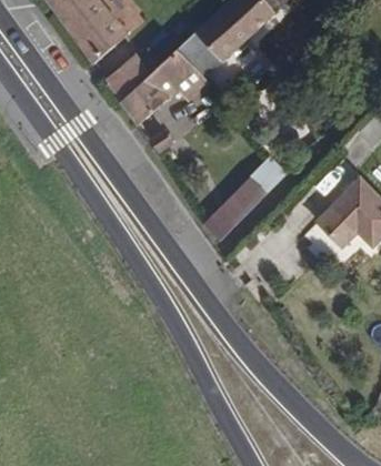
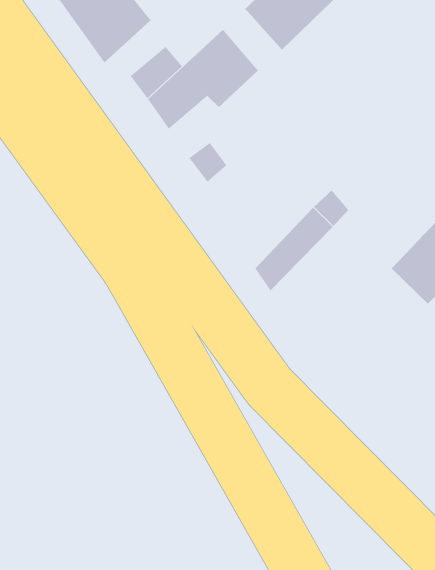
building: [184,22,230,70] -> none

